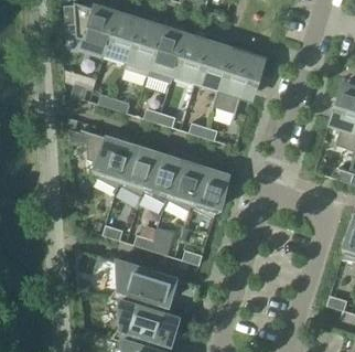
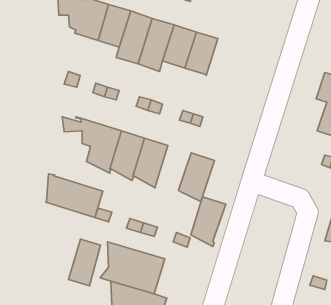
building: [213,47,265,113] -> none
building: [168,159,204,211] -> [191,197,226,247]
building: none -> [46,174,103,218]
building: none -> [69,239,101,286]

